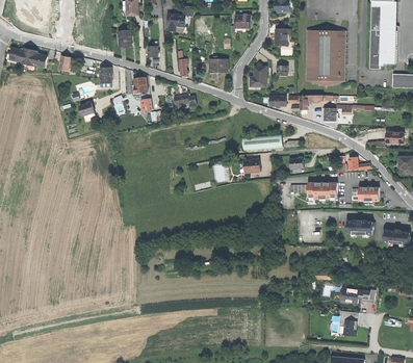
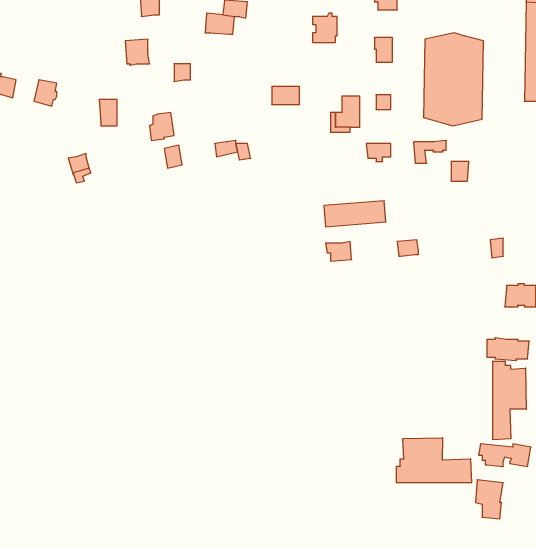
building: [307,182,336,199] -> none
building: none -> [493,361,526,440]
building: none -> [396,438,472,483]

